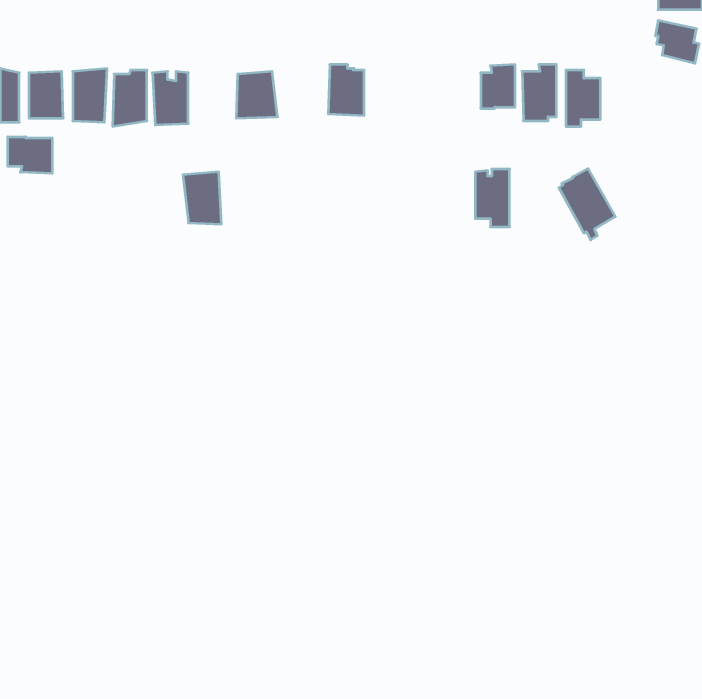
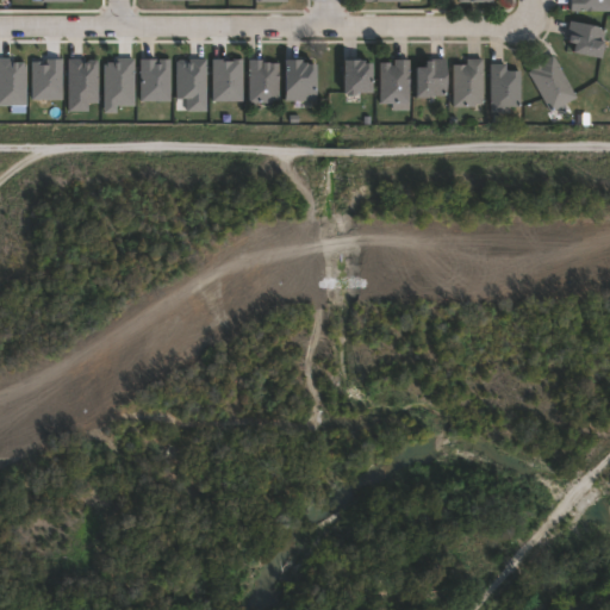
building: none -> [248,56,279,101]
building: none -> [343,56,372,91]
building: [8,137,52,173] -> none
building: [559,169,615,240] -> [529,52,578,114]
building: [475,169,510,227] -> [380,57,410,107]
building: [183,172,221,224] -> [167,61,200,106]

